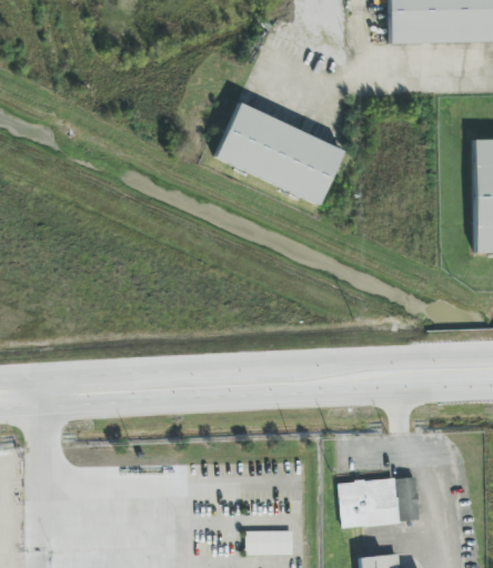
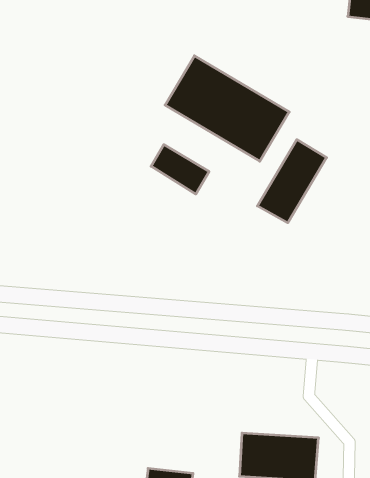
building: none -> [257,140,327,223]
building: none -> [151,145,209,194]

